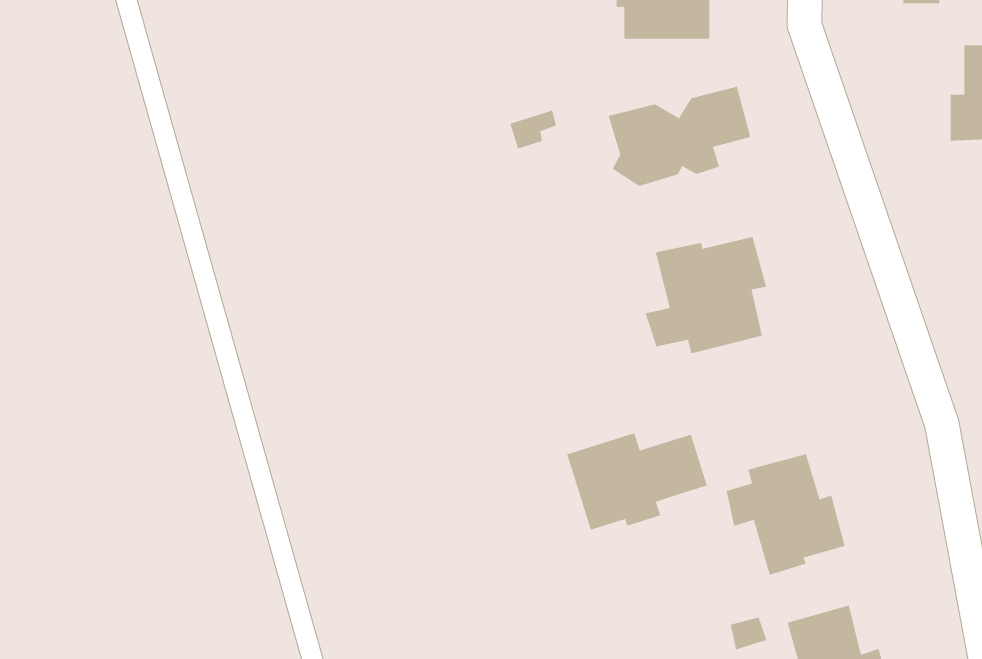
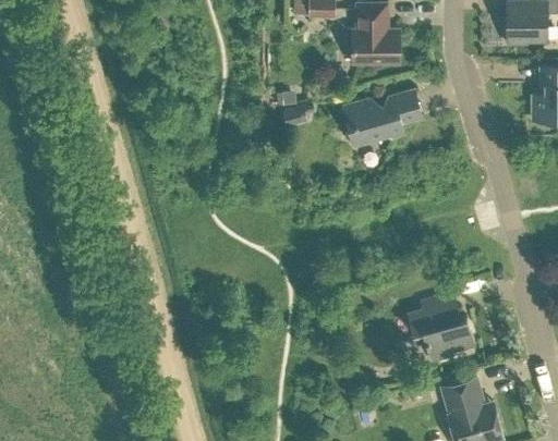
building: [645,236,767,354] -> none
building: [566,432,708,530] -> none

